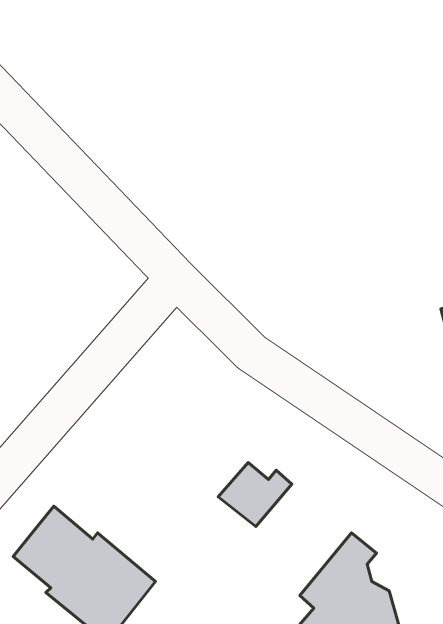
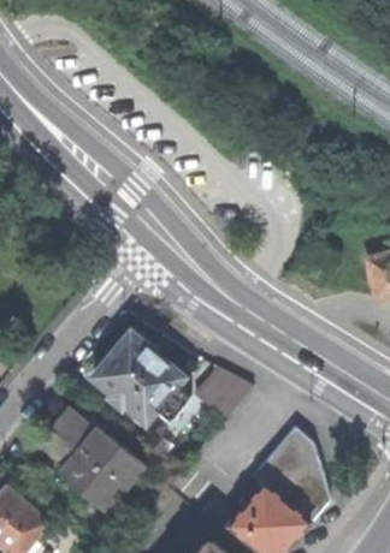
building: none -> [90,331,188,423]

